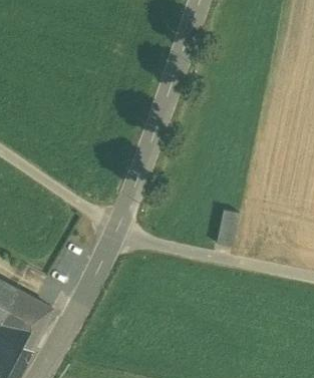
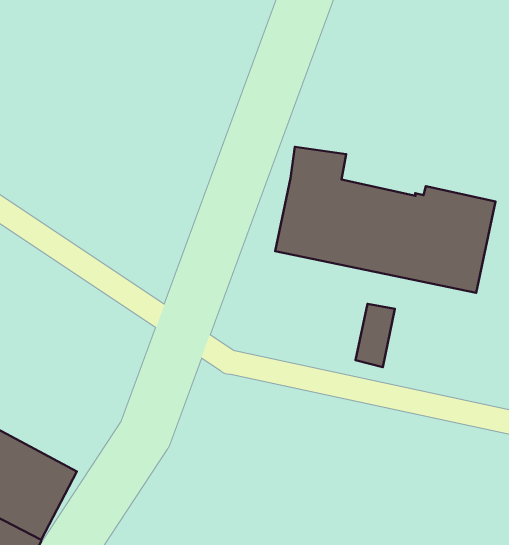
building: none -> [275,147,496,293]

